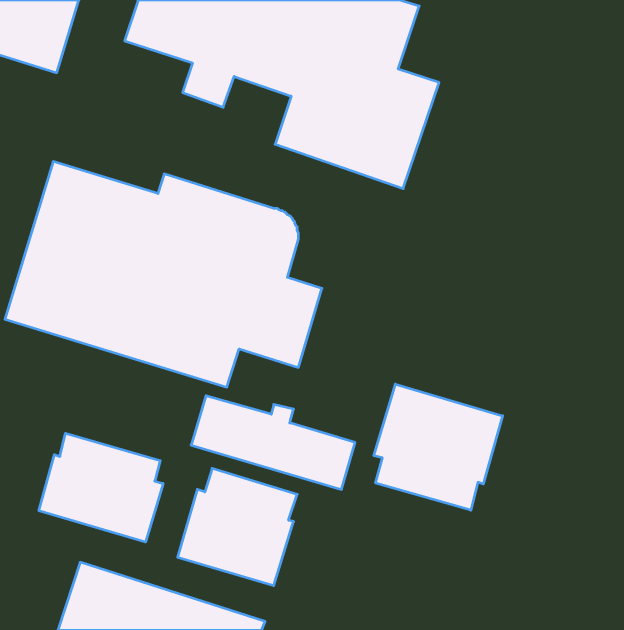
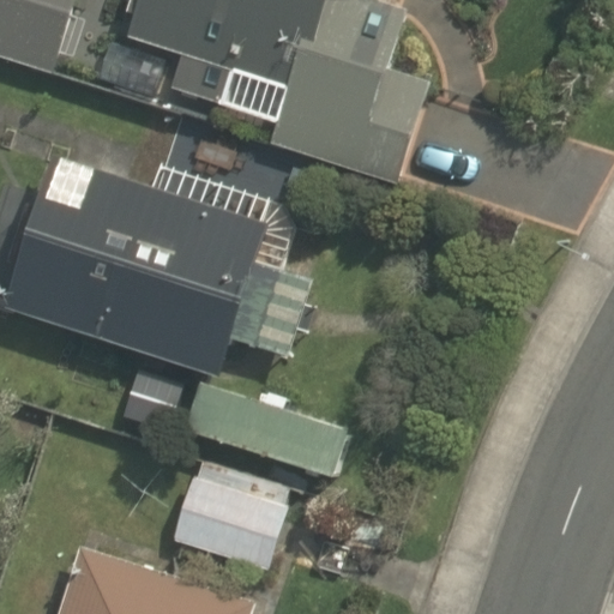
building: [374,384,503,510] -> none
building: [39,433,163,542] -> none

